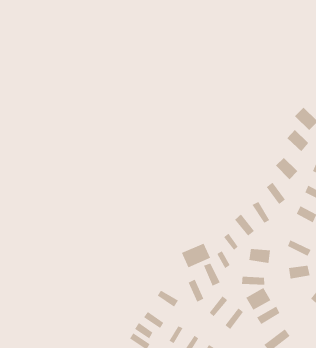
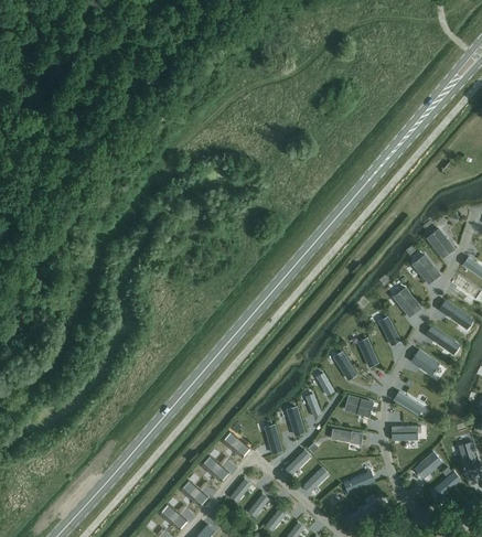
building: [181,243,211,268] -> none
building: [245,287,271,311] -> none

